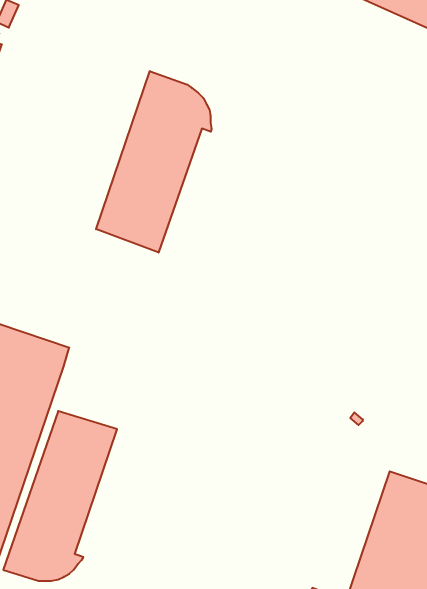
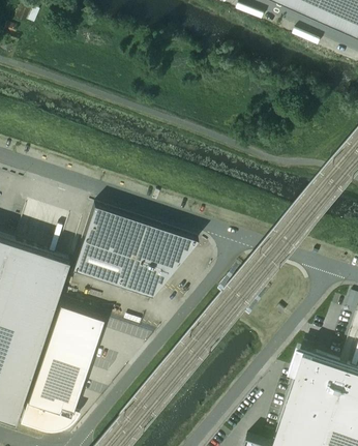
building: [96,71,211,253] -> none
building: none -> [72,206,198,297]

